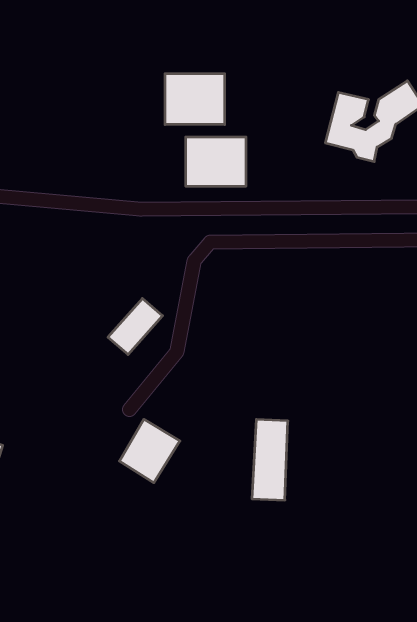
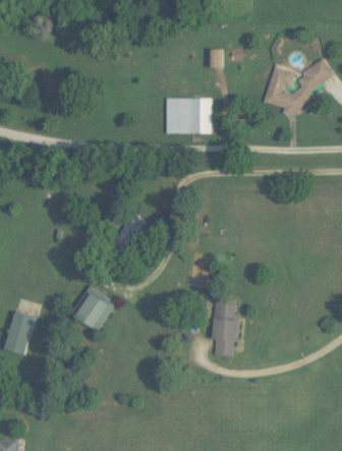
building: [165,74,225,125] -> none
building: [119,419,180,483] -> [73,286,116,331]

